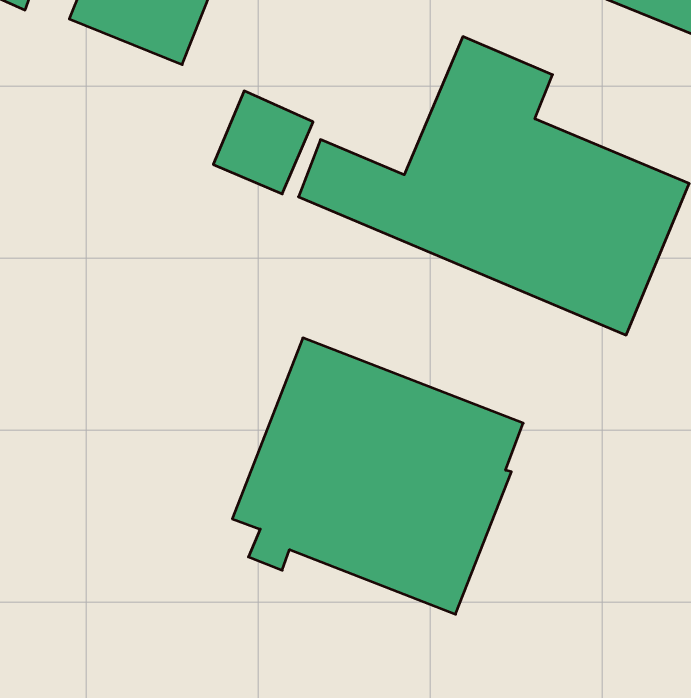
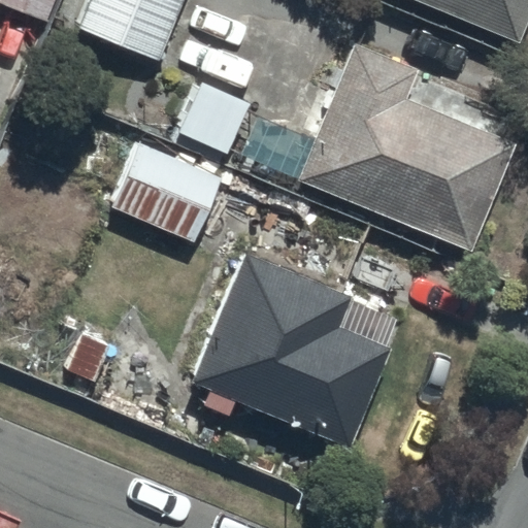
building: none -> [113,143,223,241]

